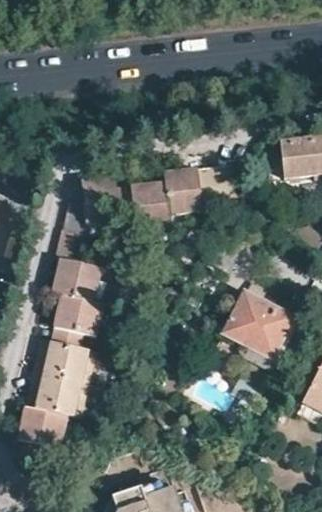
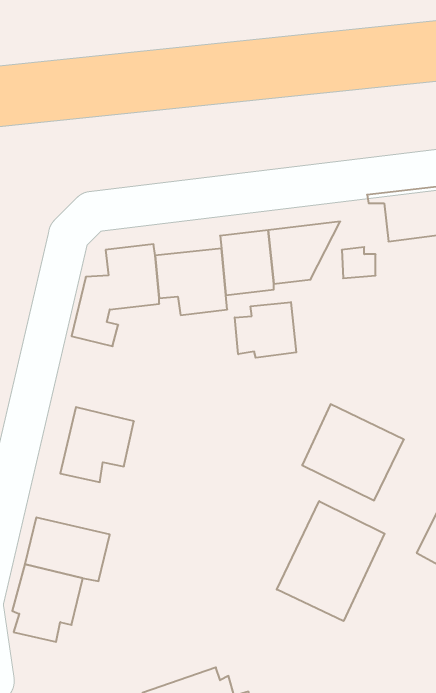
building: none -> [235,302,296,358]
building: [53,241,102,299] -> none
building: [34,335,95,381] -> none
building: none -> [277,501,385,621]

